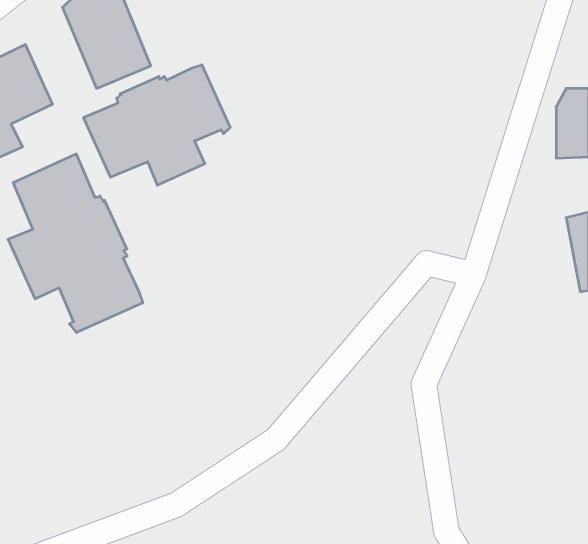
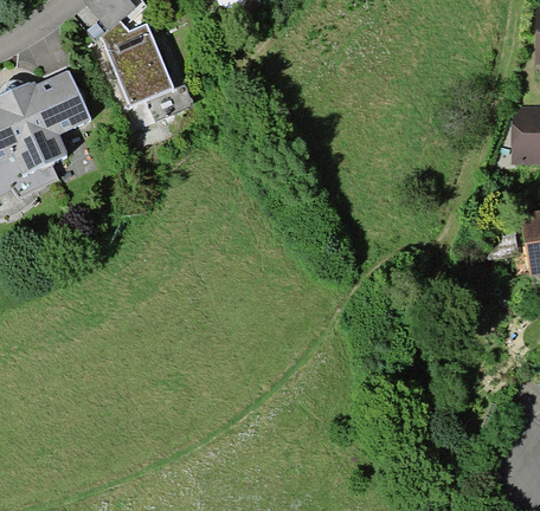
building: [84,65,230,185] -> none
building: [8,154,143,333] -> none

